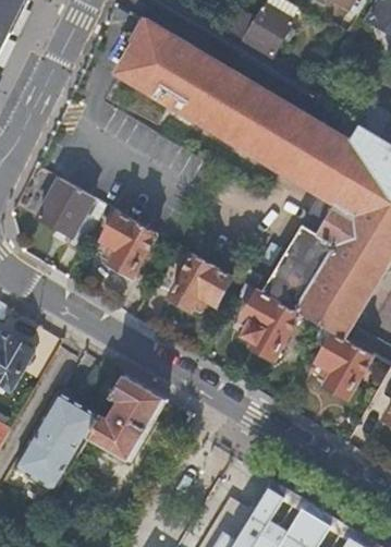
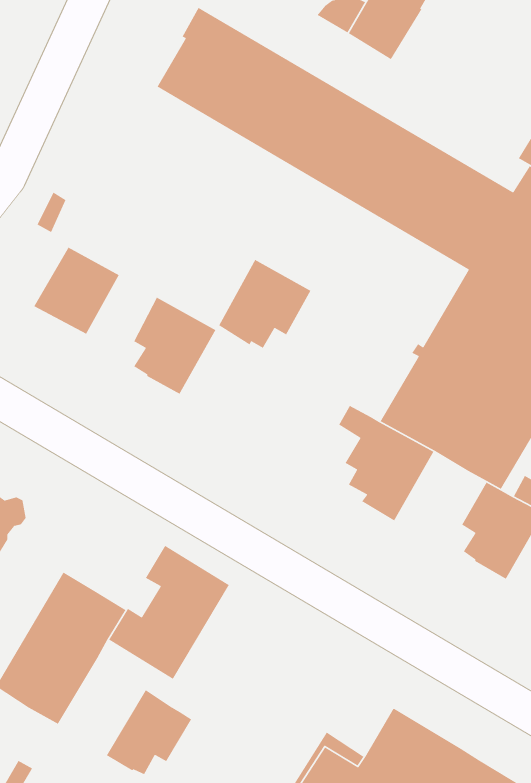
building: [170,254,231,313] -> [218,259,312,349]
building: none -> [106,689,192,775]

